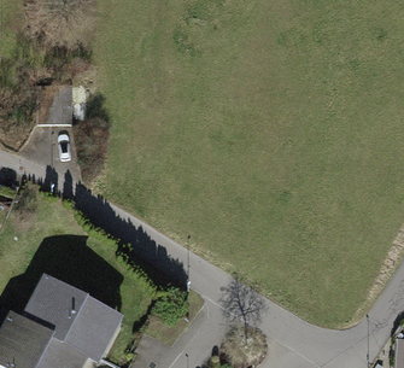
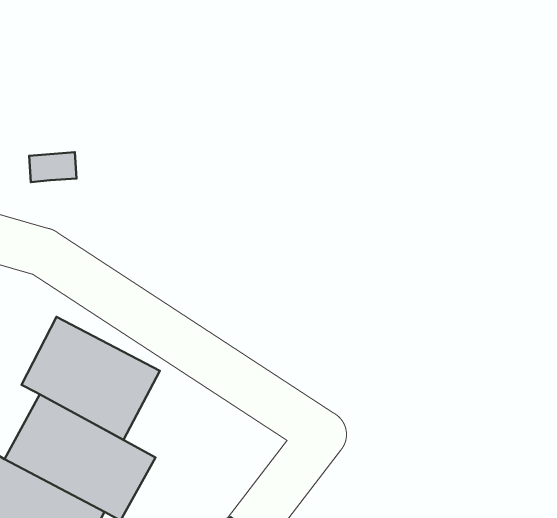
building: none -> [22,317,160,440]

